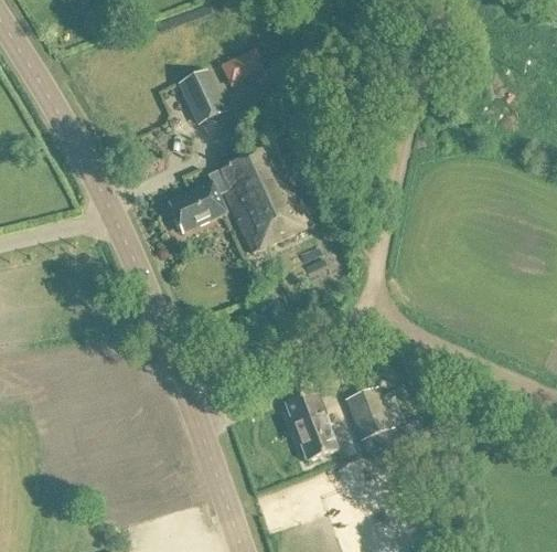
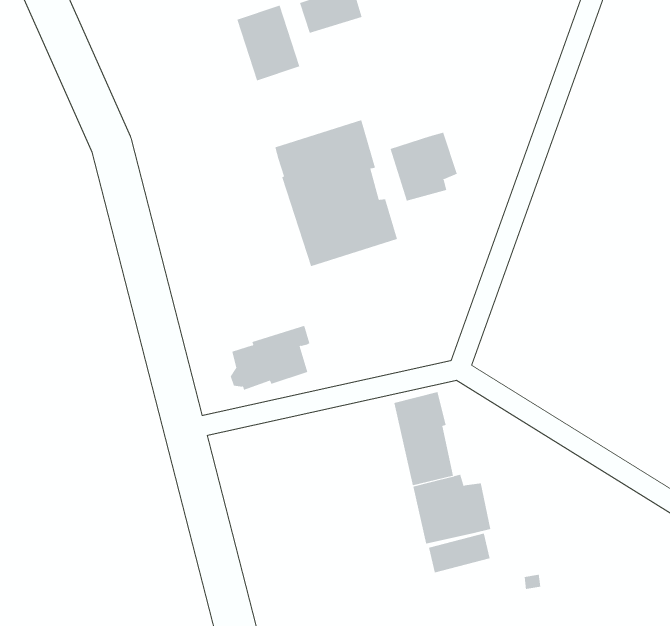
building: none -> [390,132,458,202]
building: [169,178,225,230] -> [230,325,310,390]
building: [285,390,334,459] -> [393,391,454,486]

